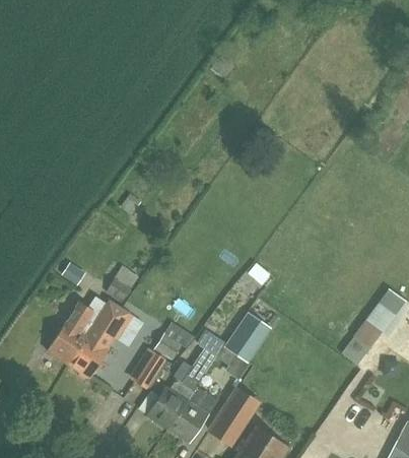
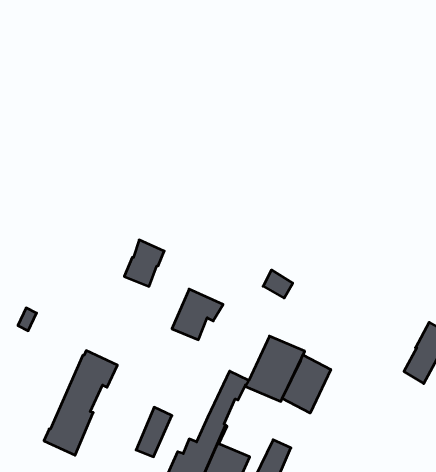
building: [106,266,138,302] -> [124,240,164,286]
building: [48,298,107,364] -> none
building: [154,322,195,361] -> [172,289,223,340]
building: none -> [282,355,331,413]

